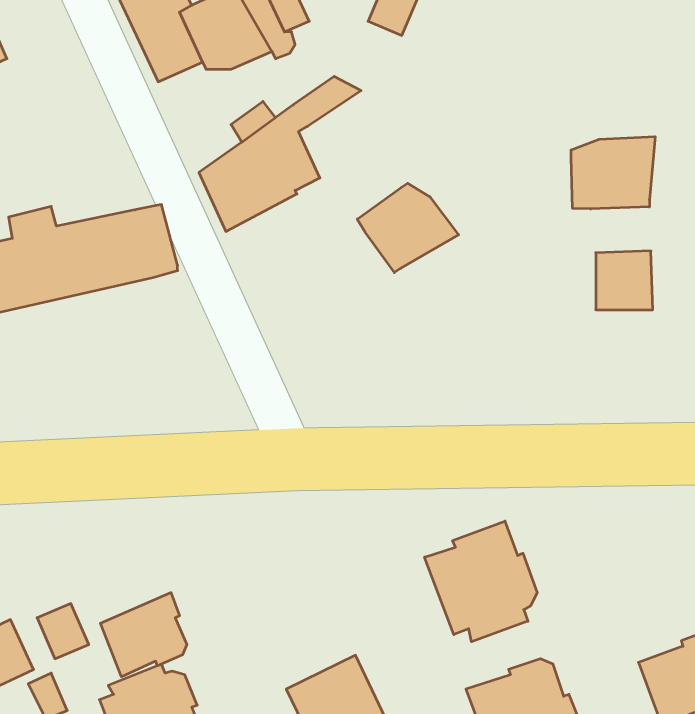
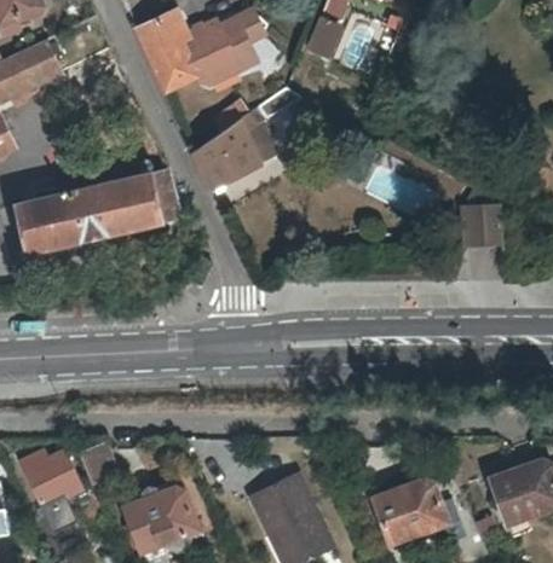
building: [571,137,655,209] -> none
building: [357,183,459,273] -> none
building: [425,521,537,642] -> none
building: [100,593,187,677] -> none

